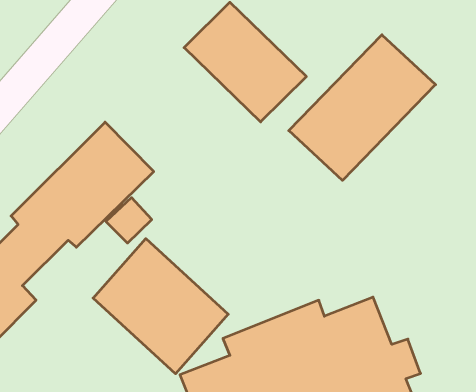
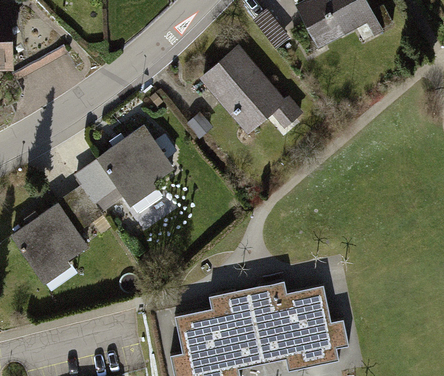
building: [289,35,436,180] -> none
building: [93,239,228,374] -> none

